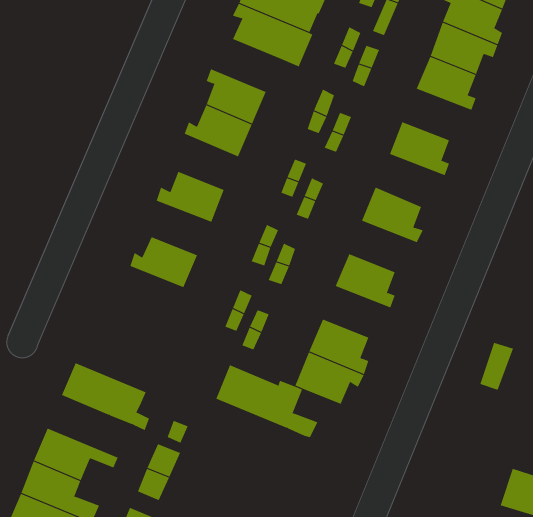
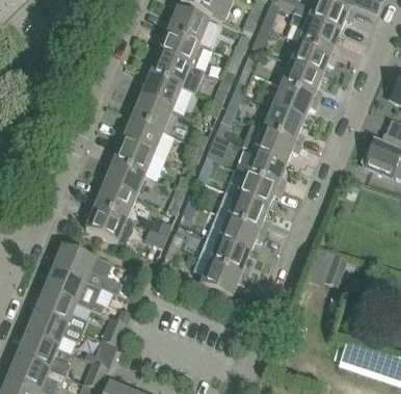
building: none -> [144,51,204,91]
building: none -> [272,84,319,119]
building: none -> [117,114,163,152]
building: none -> [244,124,301,163]
building: none -> [105,159,145,195]
building: none -> [237,173,283,207]
building: none -> [86,203,134,243]
building: none -> [219,216,265,251]
building: [216,365,318,438] -> [54,244,123,293]
building: none -> [34,289,88,331]

